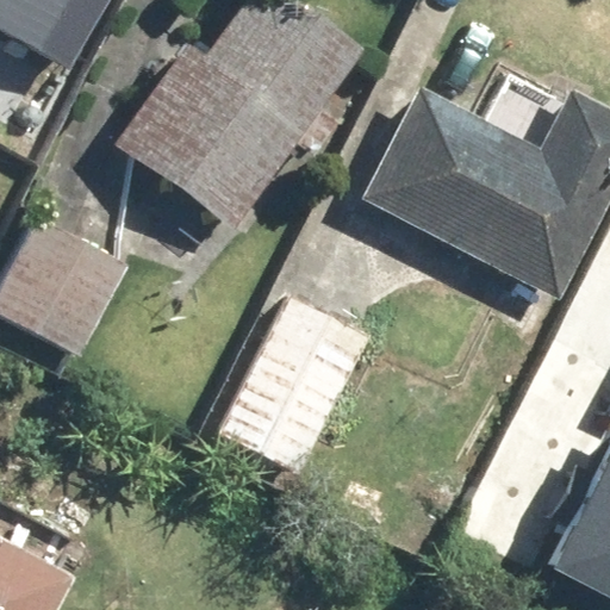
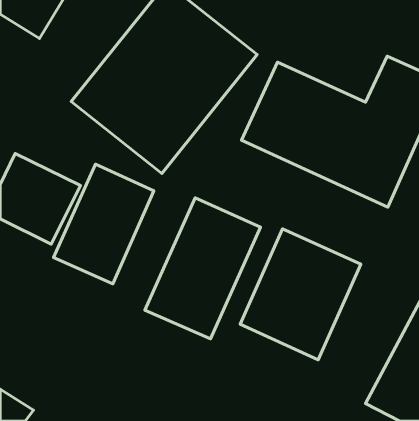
building: none -> [54,164,154,284]
building: none -> [240,229,361,360]

